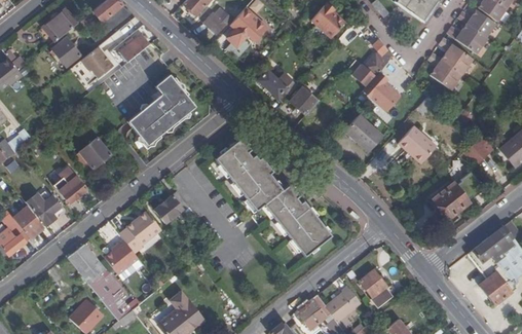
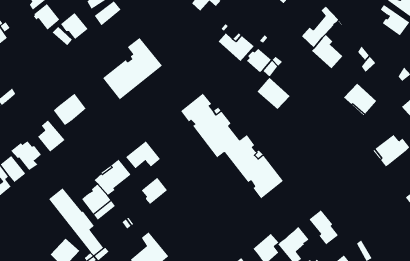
building: [428,52,462,88] -> none
building: [345,114,383,151] -> [256,77,290,110]
building: none -> [141,177,168,205]

